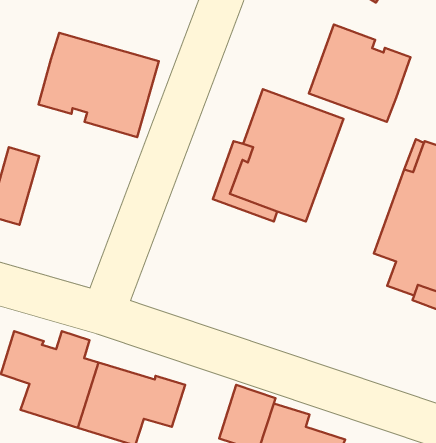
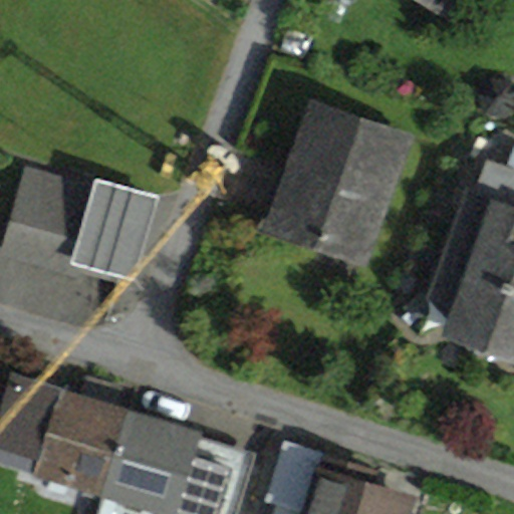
building: [309,25,411,122] -> none
building: [39,33,159,137] -> none
building: none -> [44,186,155,278]

